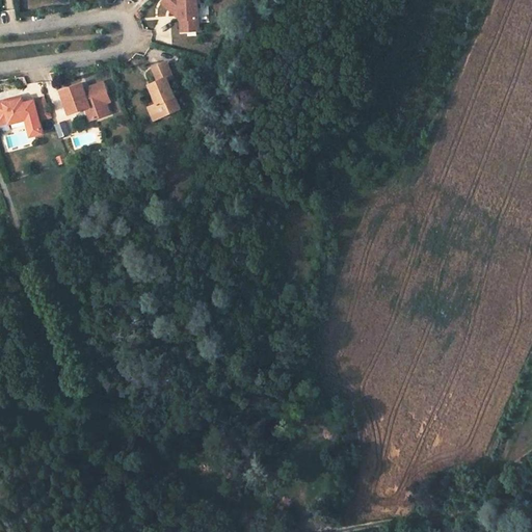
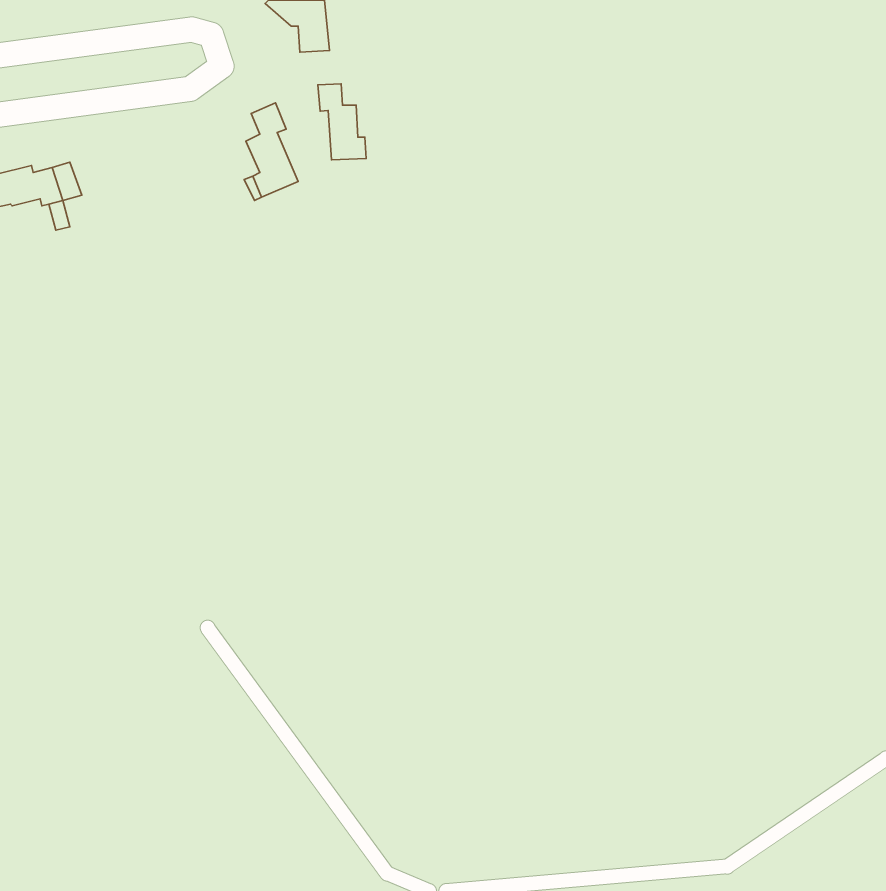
building: none -> [318,84,366,160]
building: [59,81,108,118] -> none

